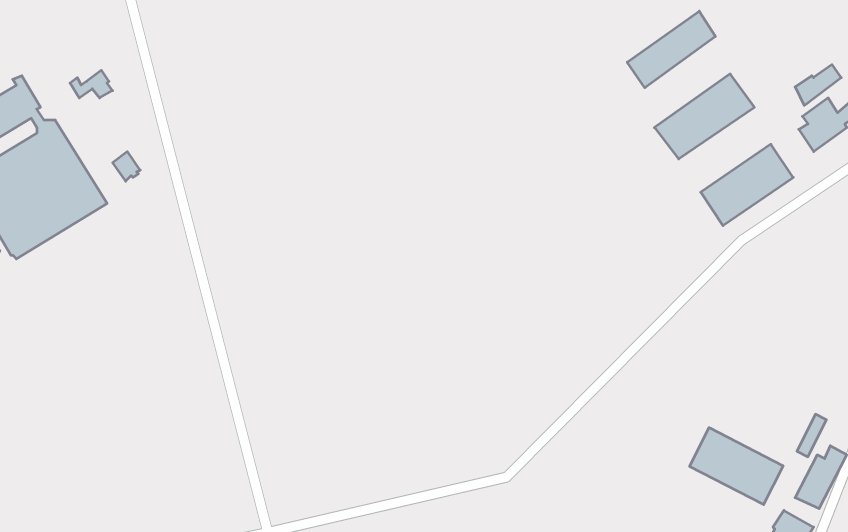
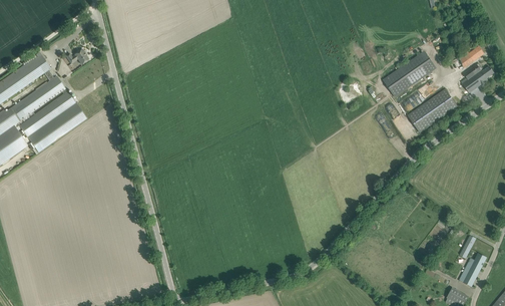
building: [627,11,715,88] -> none
building: [690,428,783,505] -> none

